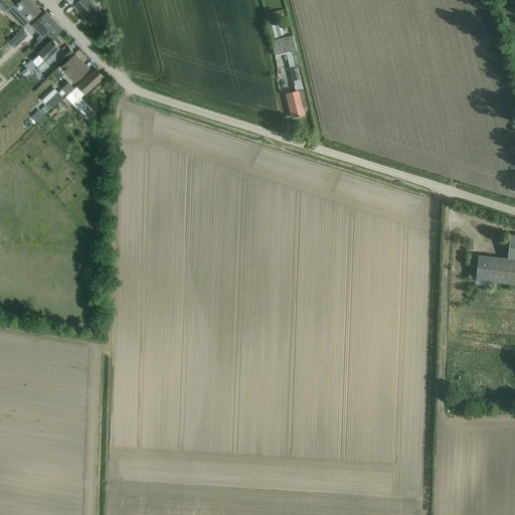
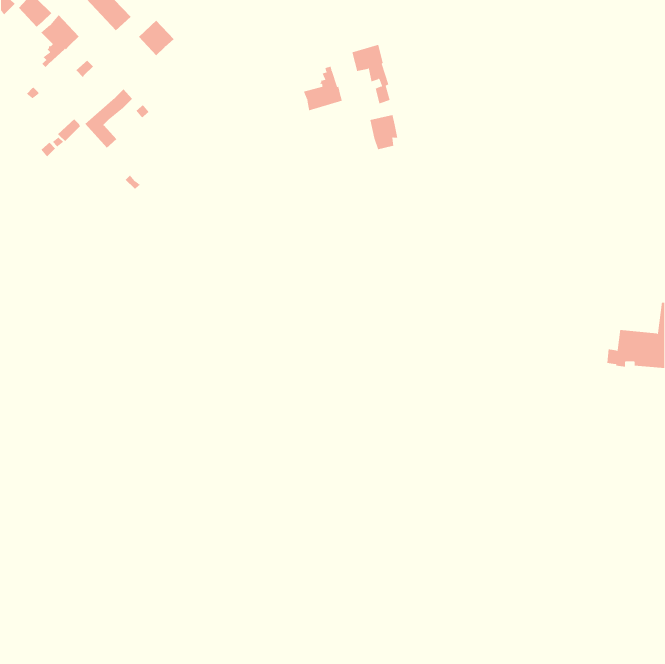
building: [31,38,59,70] -> none
building: none -> [303,66,343,111]
building: [60,53,89,81] -> [138,20,174,56]

